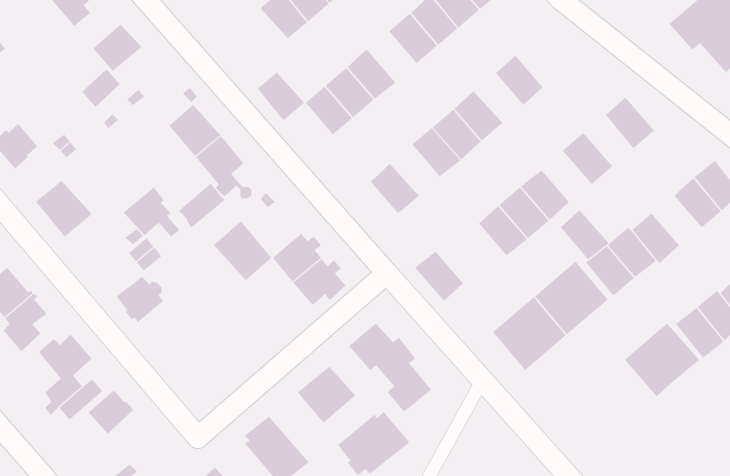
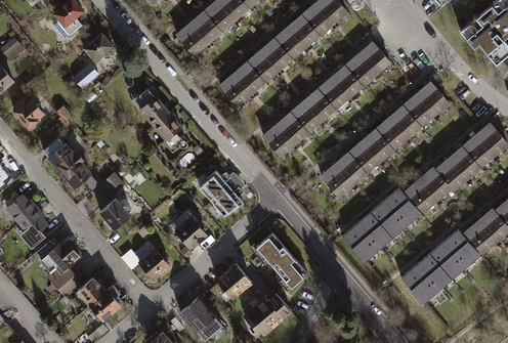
building: none -> [260,38,293,72]
building: none -> [358,41,391,75]
building: [257,72,305,121] -> [176,23,208,55]
building: none -> [331,66,364,98]
building: none -> [404,93,436,127]
building: none -> [276,113,308,146]
building: [178,183,225,228] -> none
building: [123,186,180,237] -> [60,157,98,190]
building: none -> [449,146,481,179]
building: [560,209,609,260] -> [376,117,409,151]
building: [213,220,272,281] -> [169,211,208,251]
building: [414,251,464,302] -> [320,165,352,199]
building: none -> [133,241,170,280]
building: none -> [401,255,452,304]
building: none -> [88,287,118,318]

